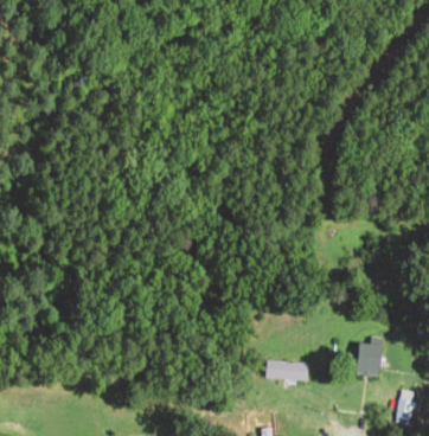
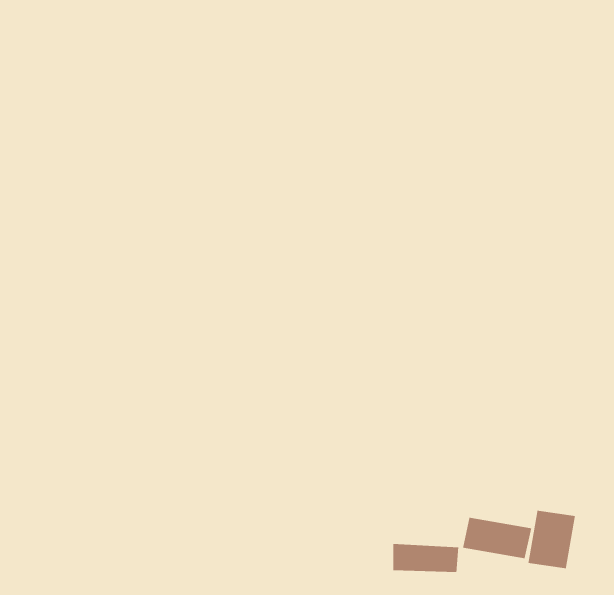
building: none -> [462,517,532,559]

